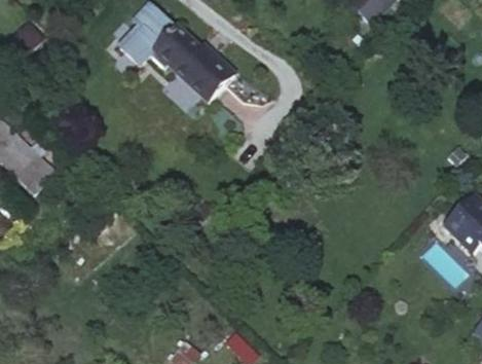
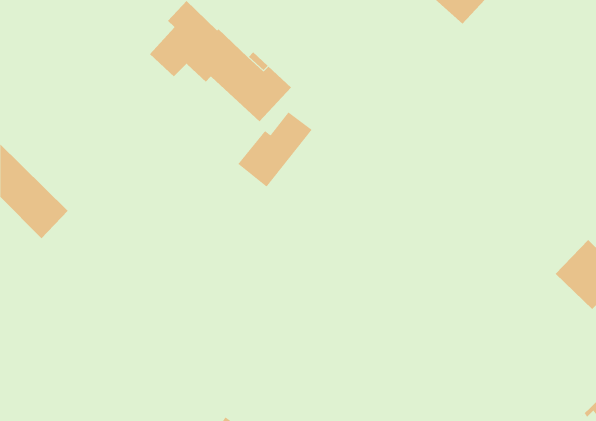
building: none -> [238,112,313,188]

